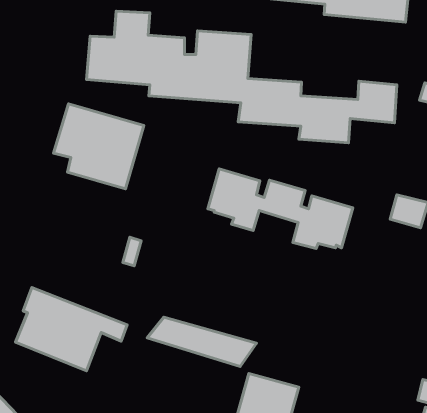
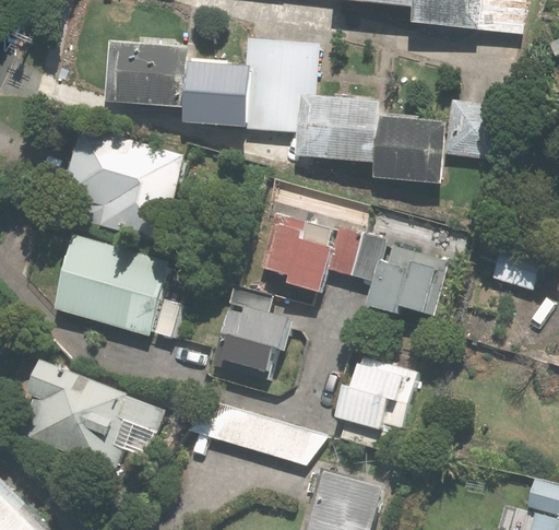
building: none -> [57,239,166,333]
building: none -> [214,285,289,380]
building: none -> [340,358,414,450]

